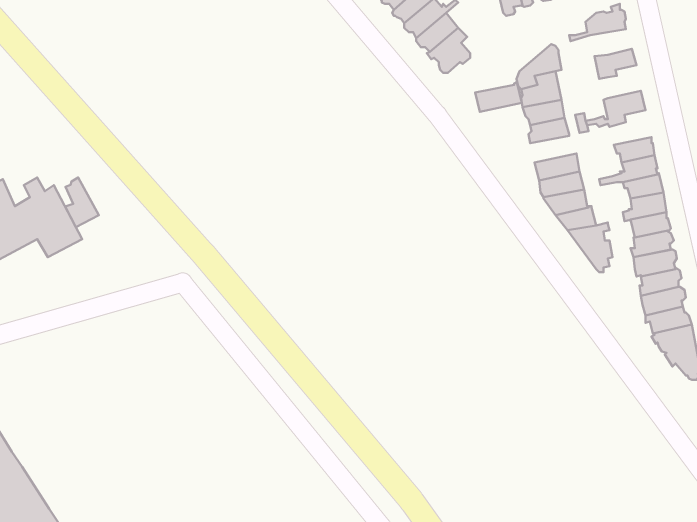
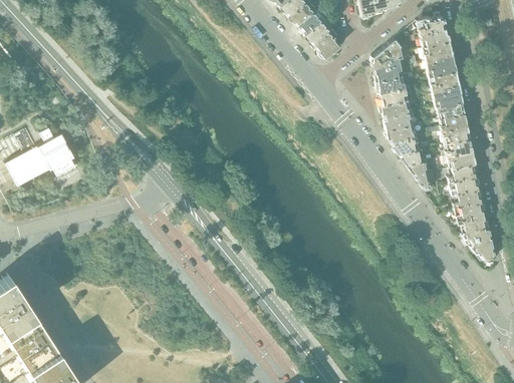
building: none -> [421,30,449,48]
building: none -> [427,54,455,77]
building: [475,82,522,112] -> [380,99,412,119]
building: none -> [434,84,462,107]
building: [65,178,99,227] -> none

